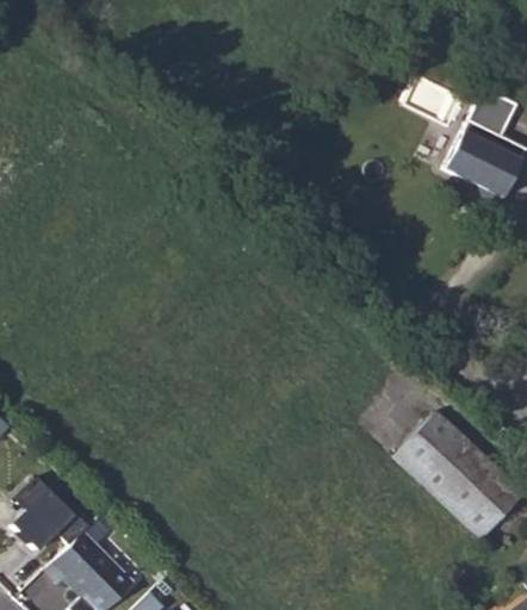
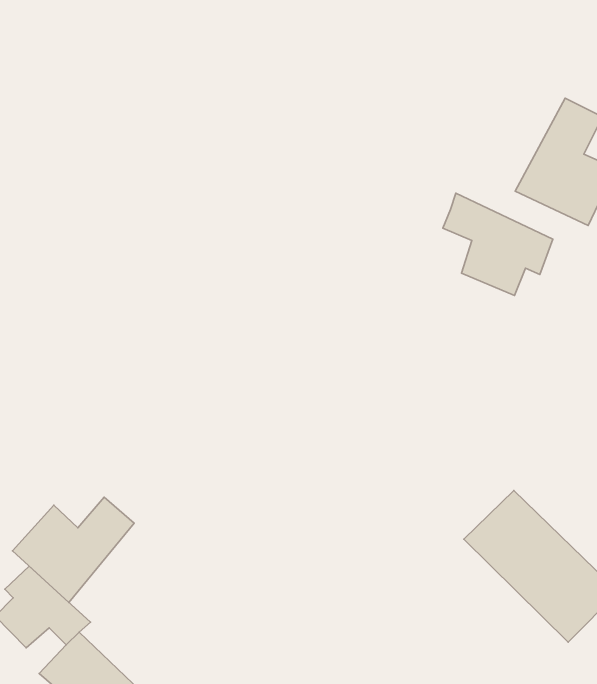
building: none -> [443,193,553,296]
building: none -> [13,497,134,602]

